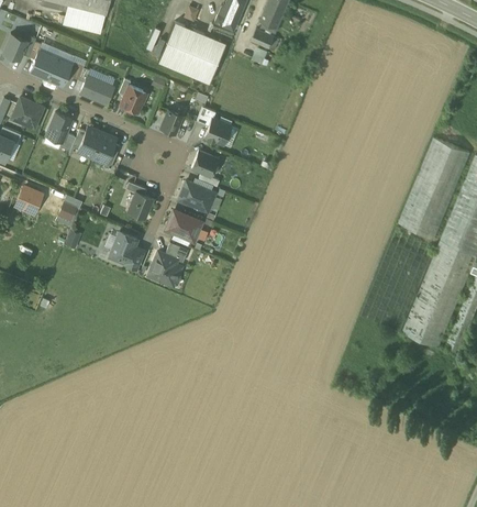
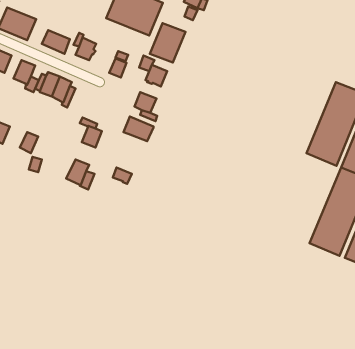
building: none -> [150,23,186,63]
building: [165,208,202,242] -> none
building: [149,251,179,285] -> none

